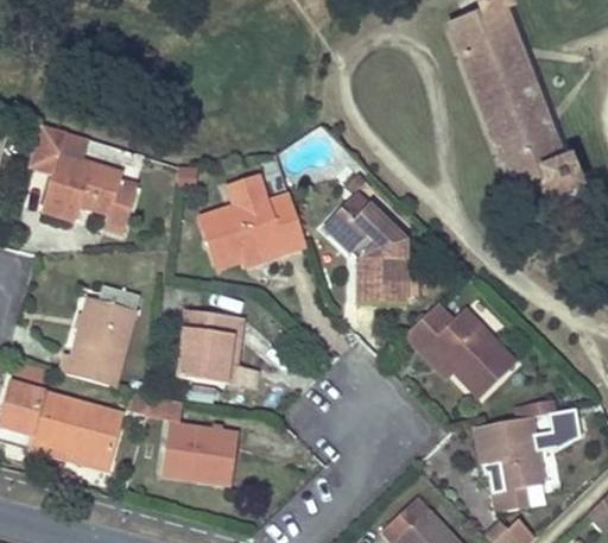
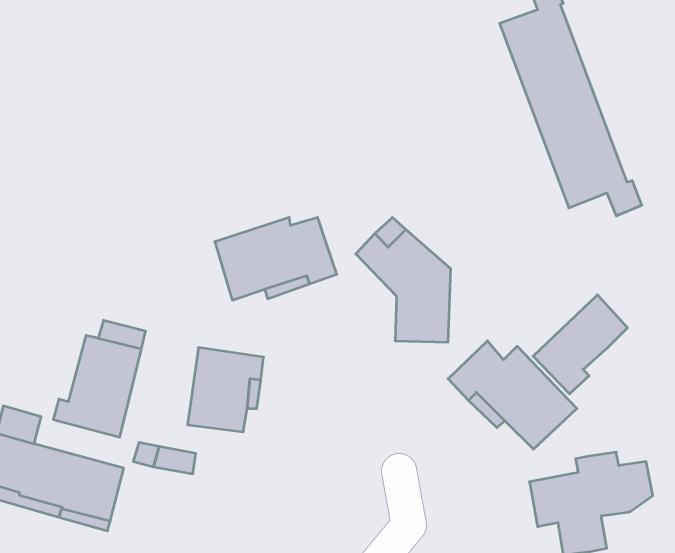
building: [30,124,138,225] -> none
building: none -> [533,295,627,394]
building: [162,422,240,482] -> none

